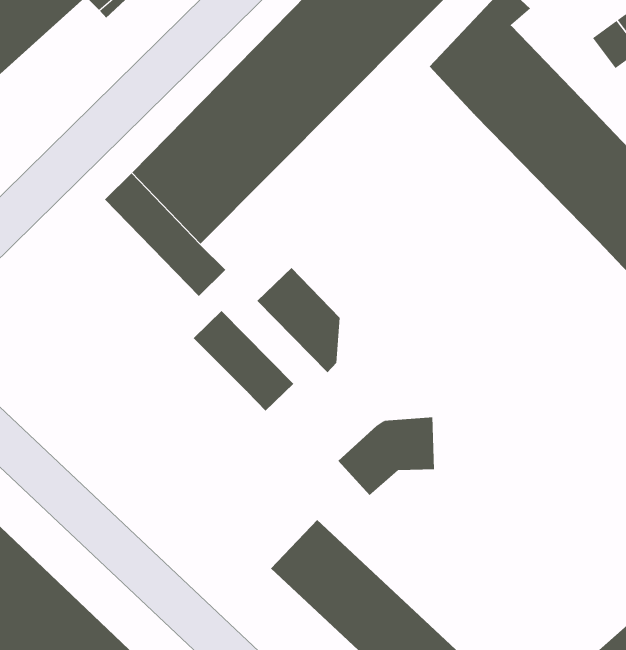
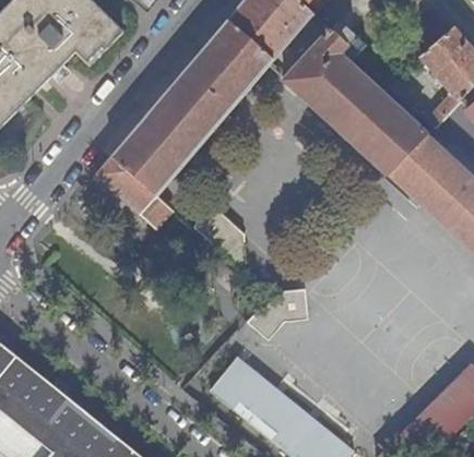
building: [193,310,294,412] -> none

